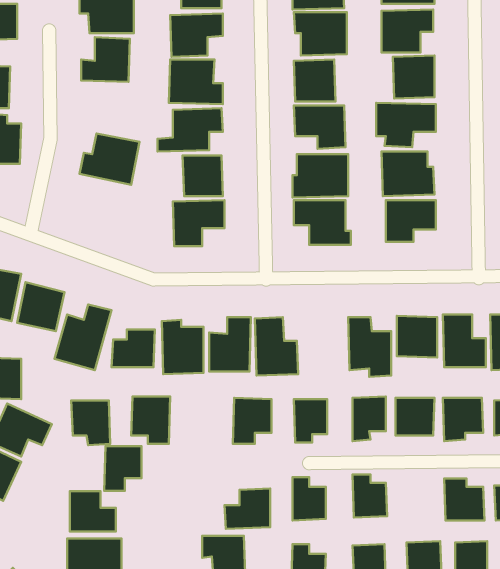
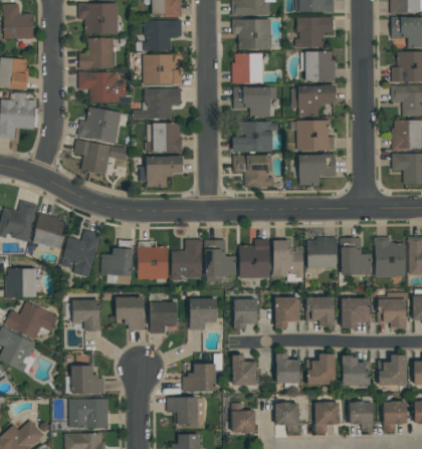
building: none -> [78,72,127,103]
building: none -> [74,140,127,175]
building: none -> [239,239,269,278]
building: [104,446,142,491] -> [150,301,177,333]
building: none -> [306,354,336,384]

